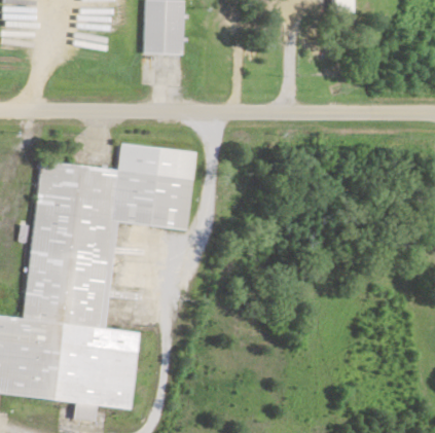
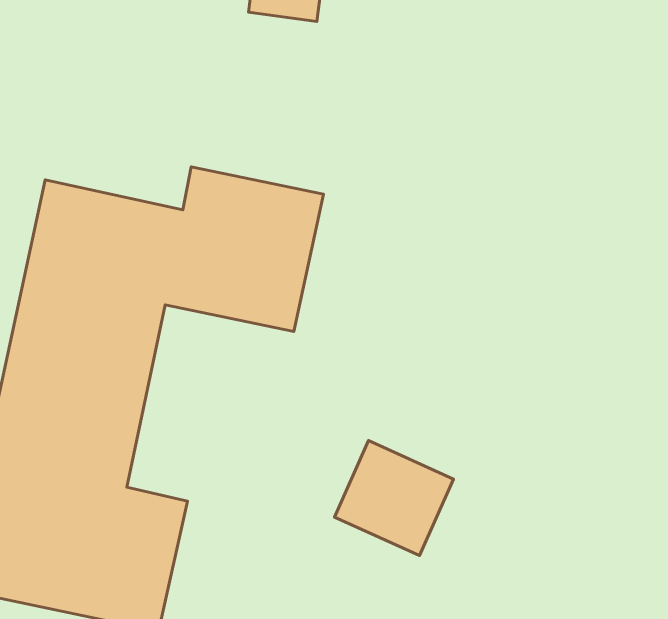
building: none -> [335,441,454,555]

